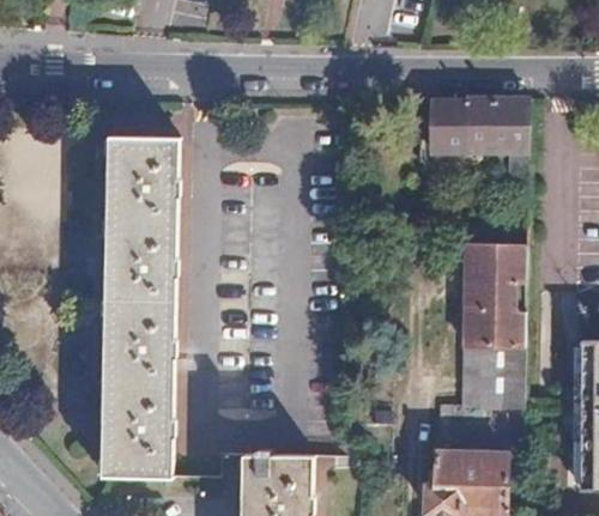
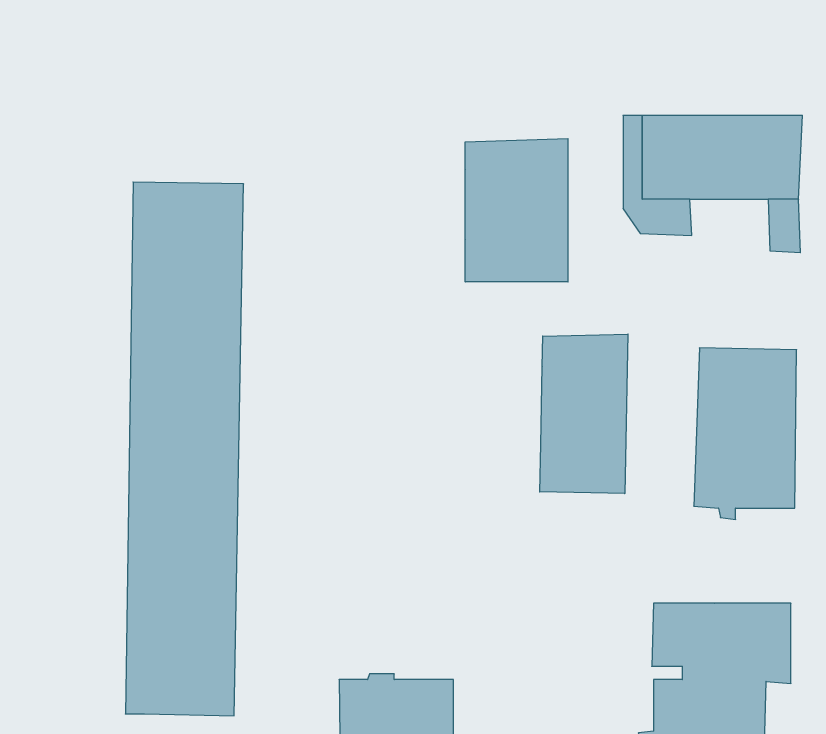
building: none -> [465,139,568,282]
building: none -> [540,334,628,494]
building: [462,345,525,405] -> none

